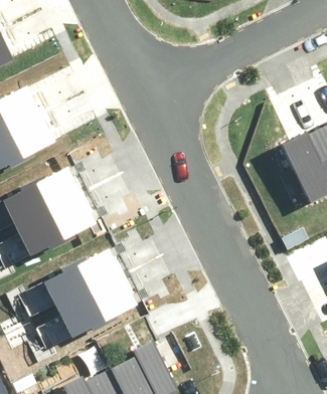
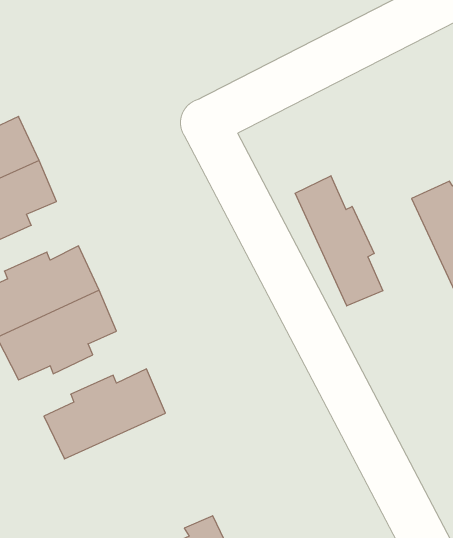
building: none -> [295,176,383,306]
building: [57,278,133,336] -> none

